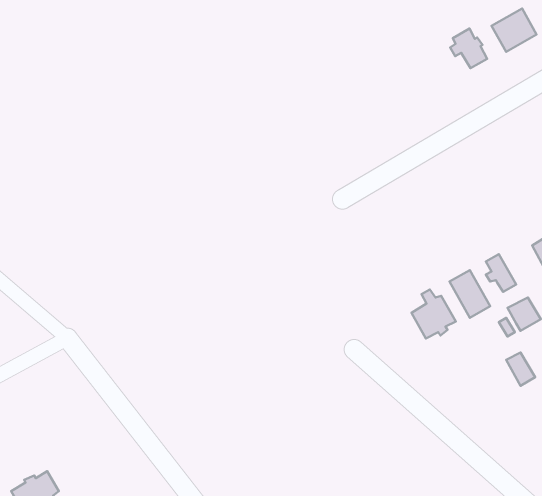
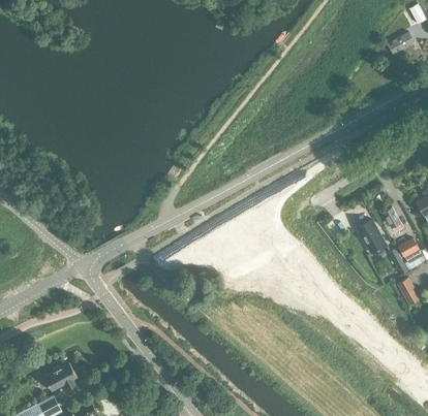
building: [450,29,487,68] -> none
building: [411,290,456,339] -> none

